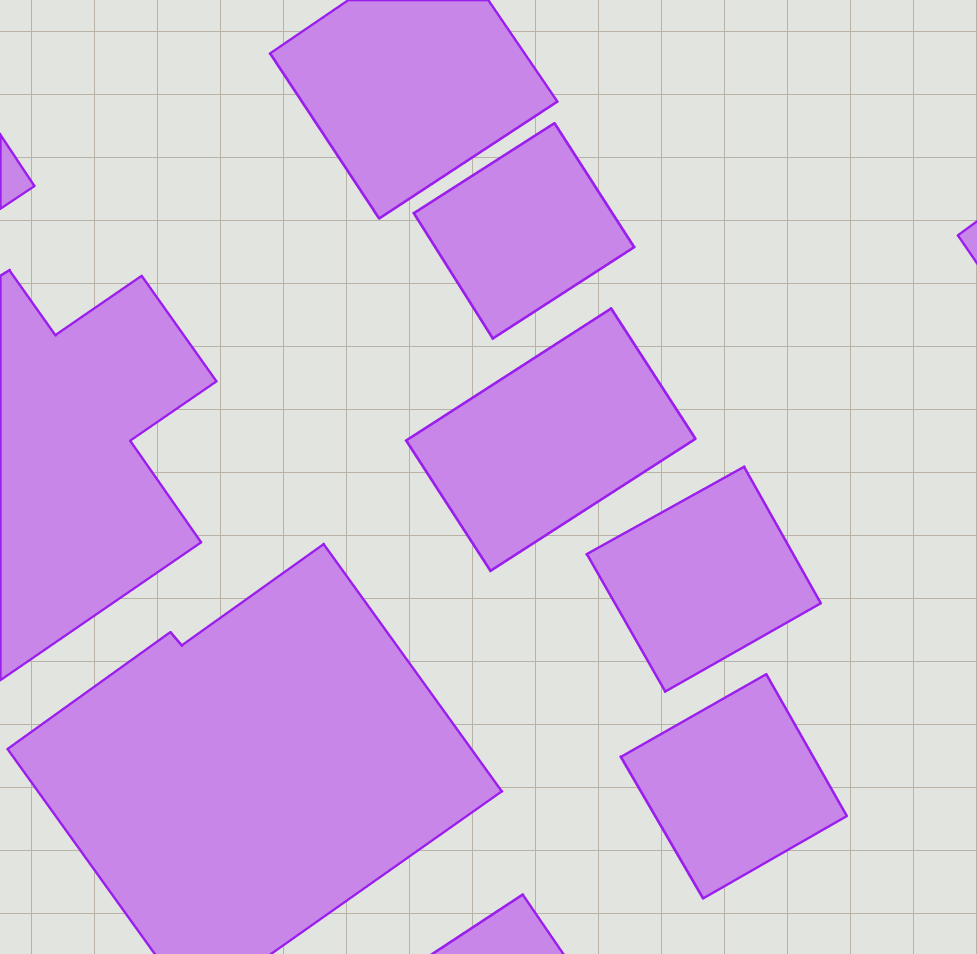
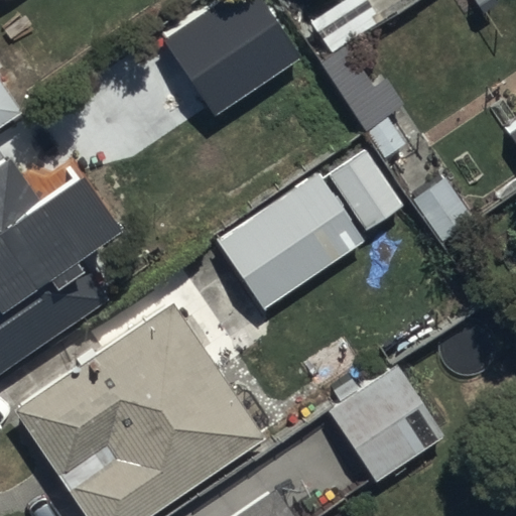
building: [414,123,634,339] -> none
building: [587,467,821,692] -> none

